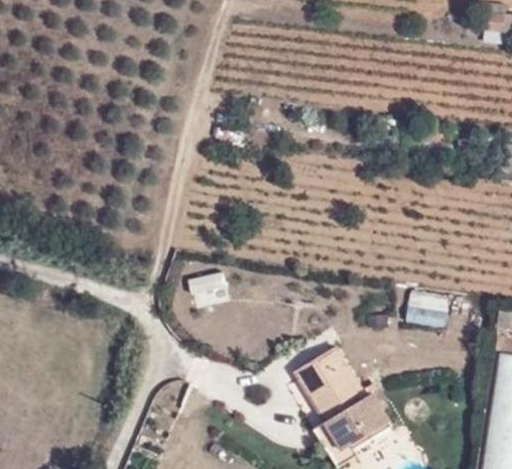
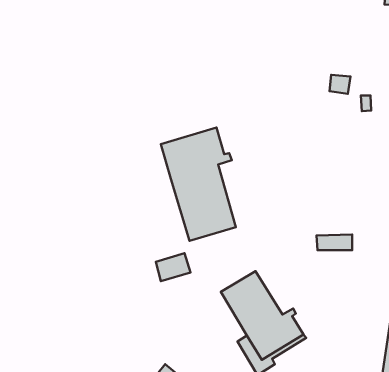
building: none -> [161,128,236,241]
building: [190,269,231,302] -> [156,253,191,281]

